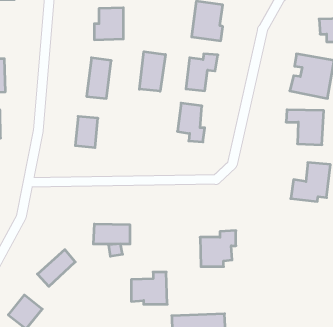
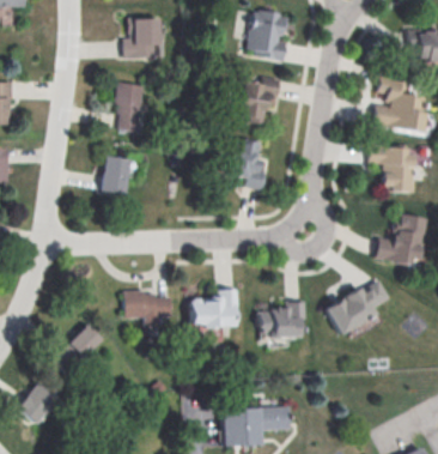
building: [139,52,165,91] -> none
building: none -> [323,280,388,333]
building: [131,272,167,304] -> [189,289,235,329]

